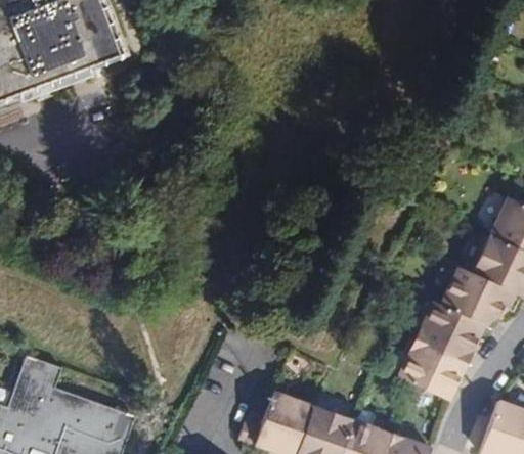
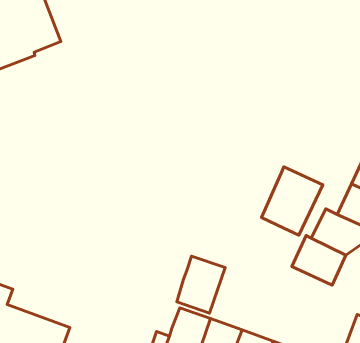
building: none -> [262,167,323,235]
building: none -> [177,256,225,313]
building: [397,339,466,401] -> none

